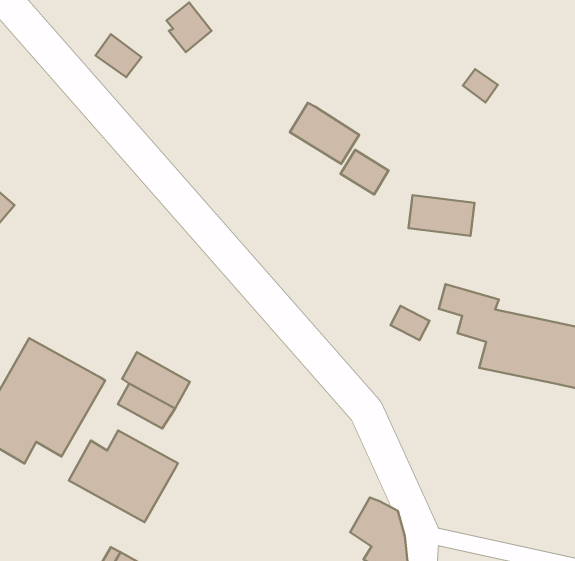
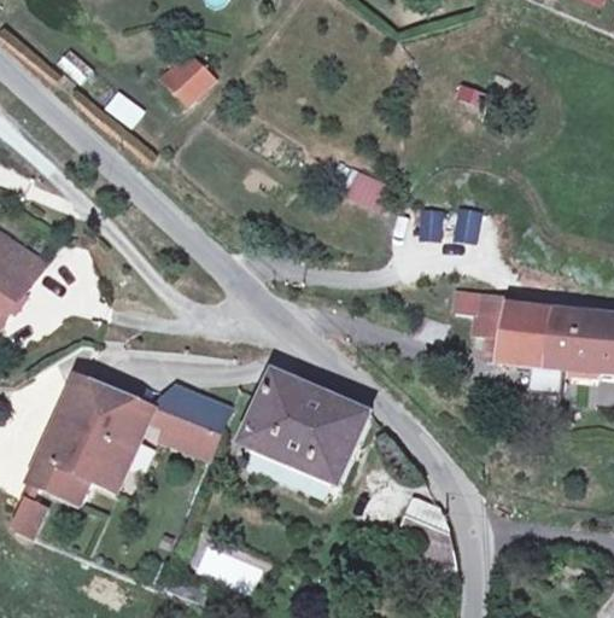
building: [290,103,359,164] -> none
building: none -> [242,372,369,486]
building: [69,430,178,522] -> none

